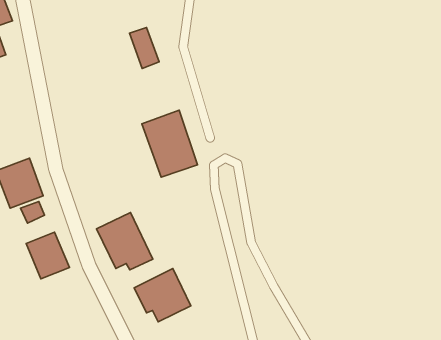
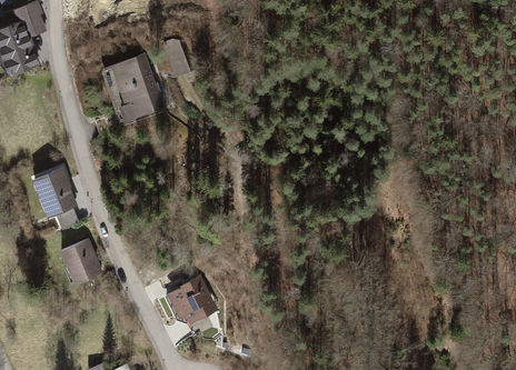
building: [142,110,197,177] -> [105,54,159,120]
building: [97,212,153,270] -> none

